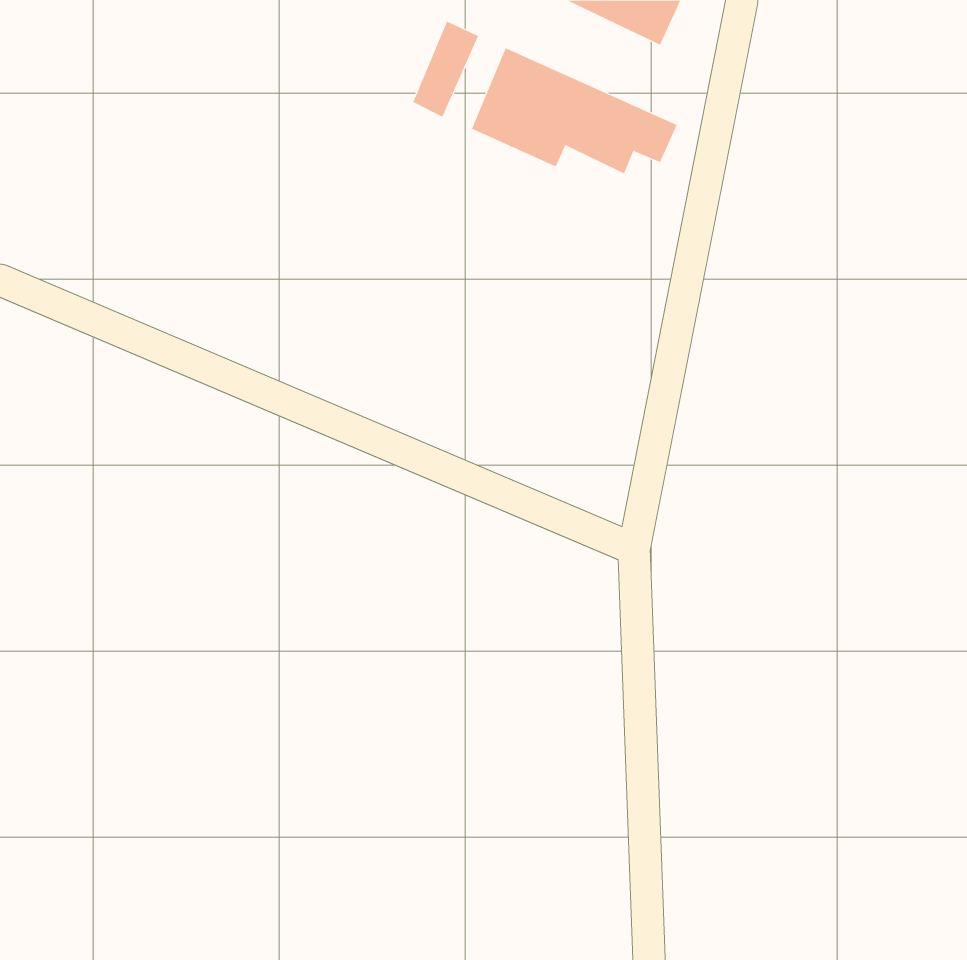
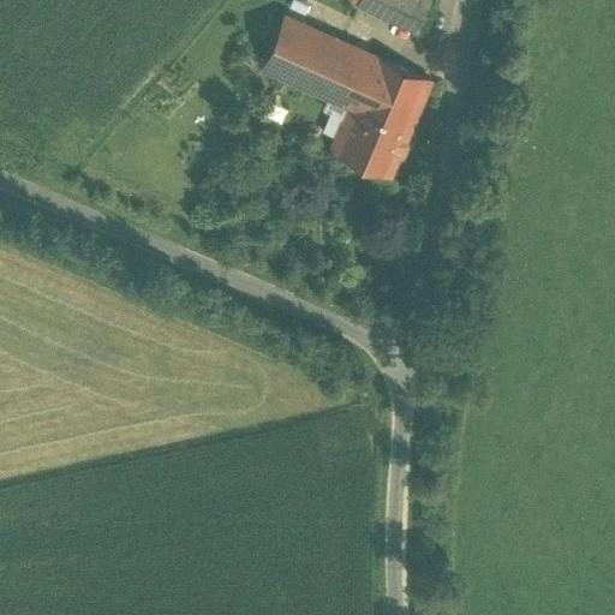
building: none -> [281,28,321,86]
building: none -> [334,97,419,178]

